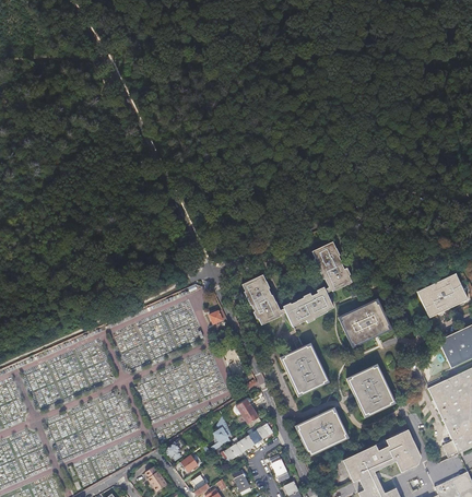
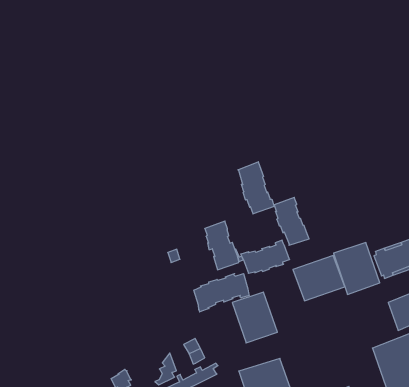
building: none -> [238,162,274,214]
building: none -> [194,274,249,312]
building: [346,364,397,418] -> [334,243,380,294]

